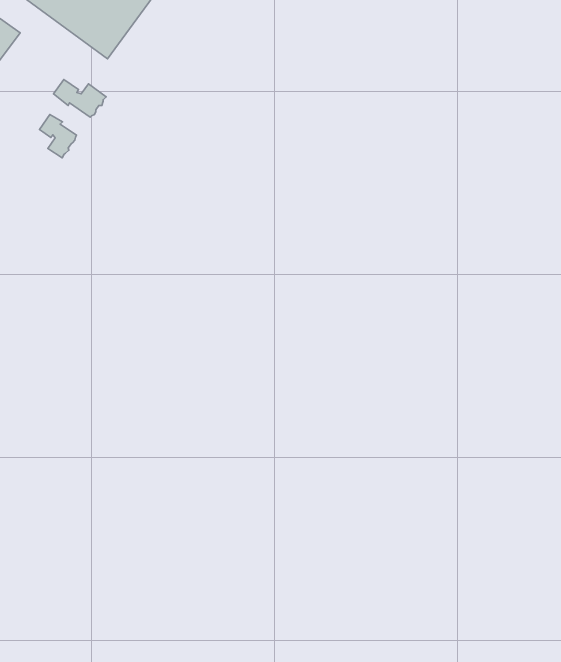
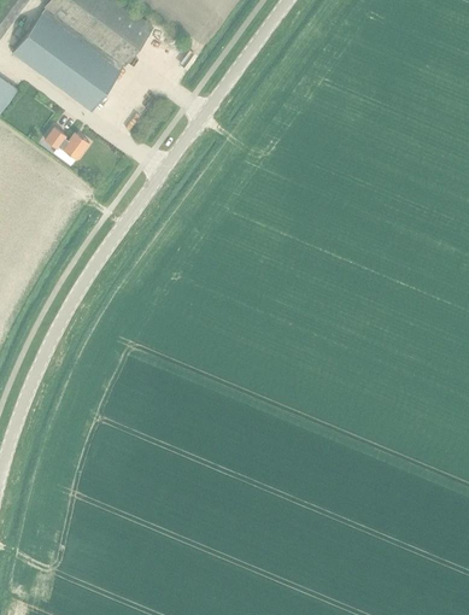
building: [39,114,76,158] -> none

